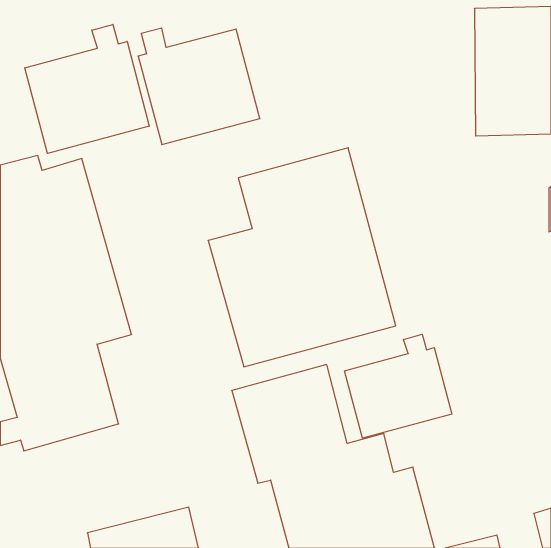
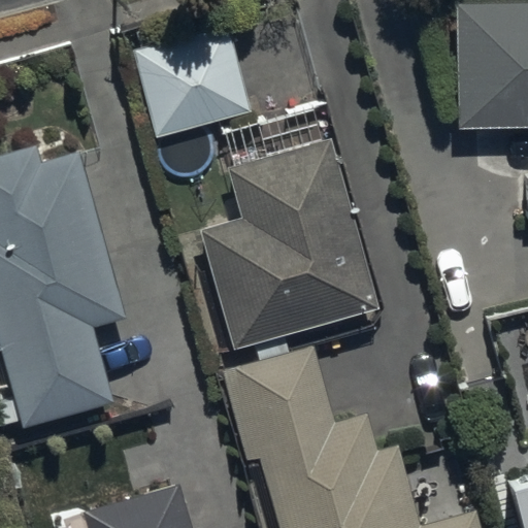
building: [25,24,149,153] -> none
building: [344,334,452,438] -> none

